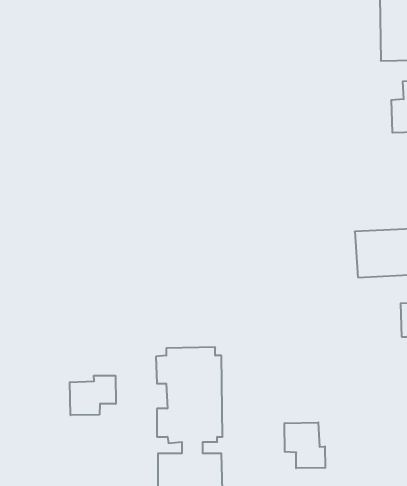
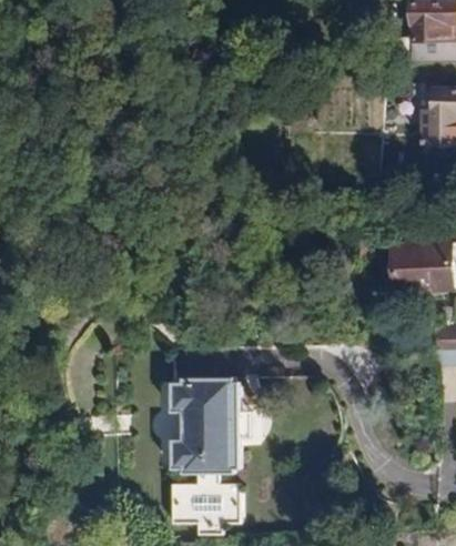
building: [70,376,116,415] -> none
building: [285,422,325,468] -> none

